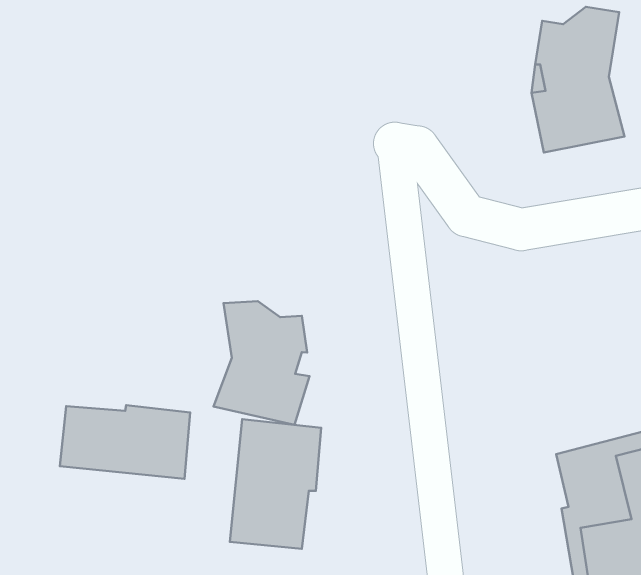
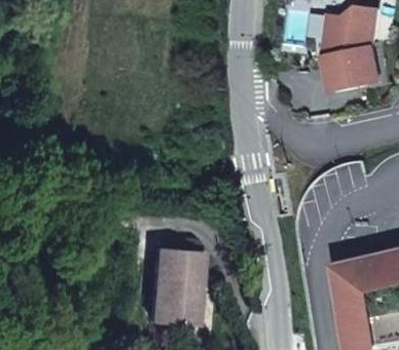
building: [213,301,309,425] -> none
building: [60,405,190,479] -> none

